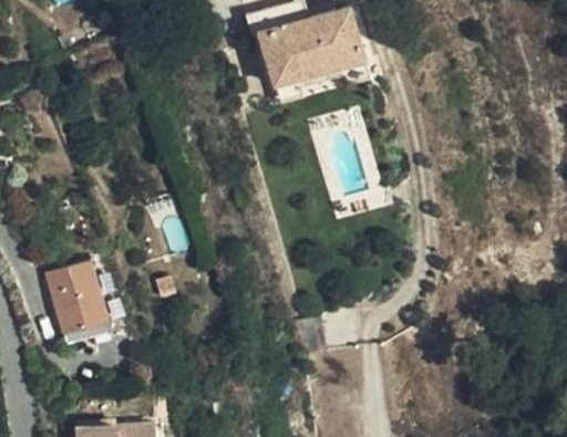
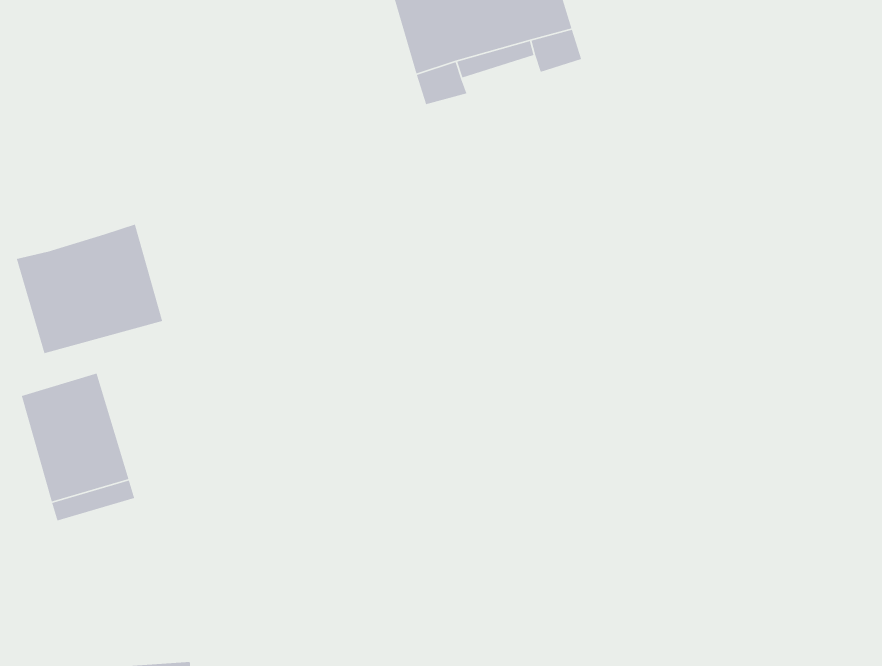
building: none -> [16,224,163,354]

